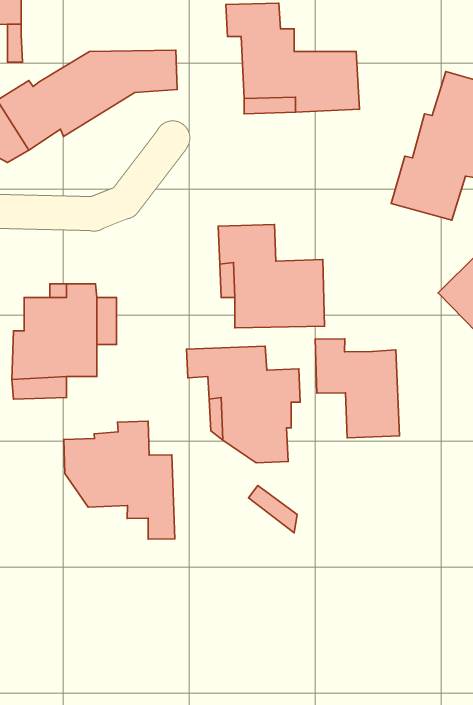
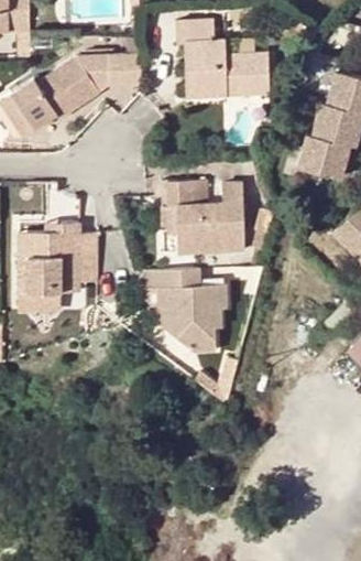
building: [315,339,400,438] -> none
building: [64,421,175,539] -> none

